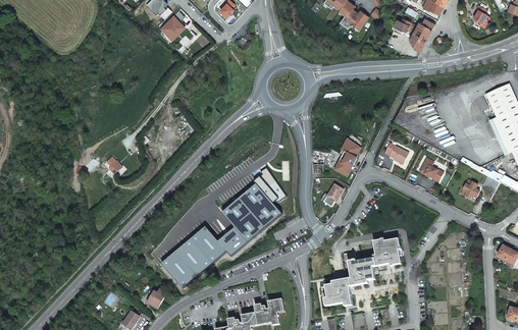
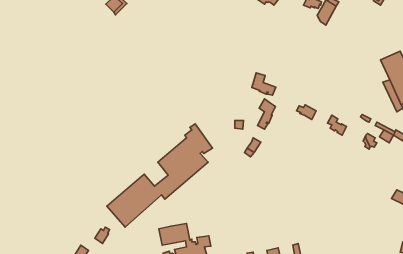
building: none -> [252,73,276,95]
building: [323,238,401,308] -> none

